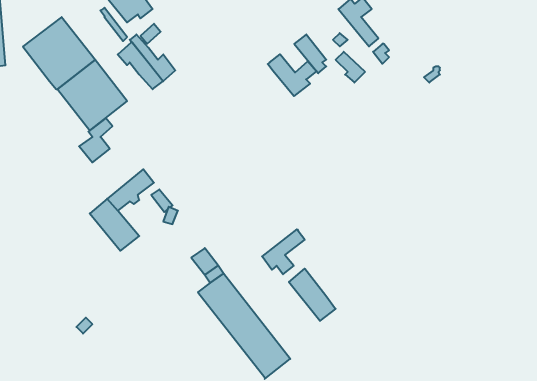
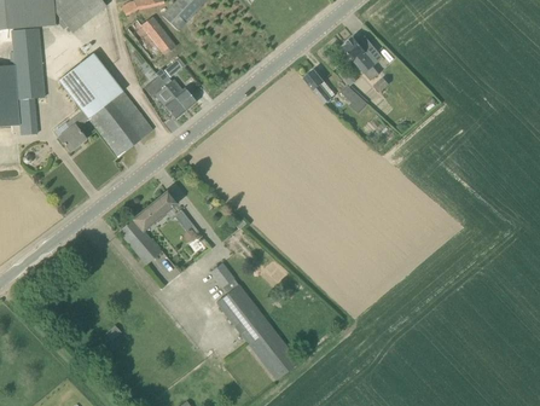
building: [268,54,317,96] -> none
building: [79,118,112,162] -> [58,111,88,151]
building: [262,229,305,274] -> none
building: [289,269,336,321] -> none

